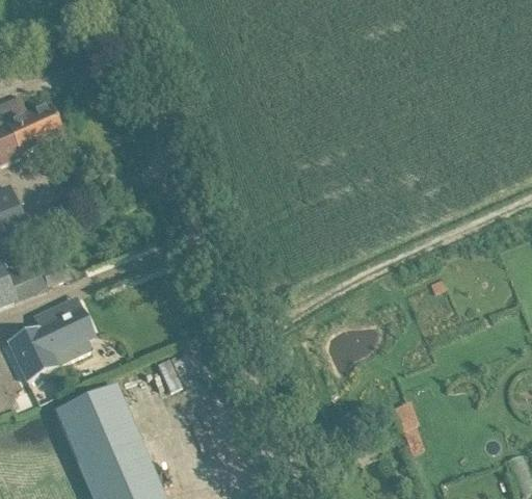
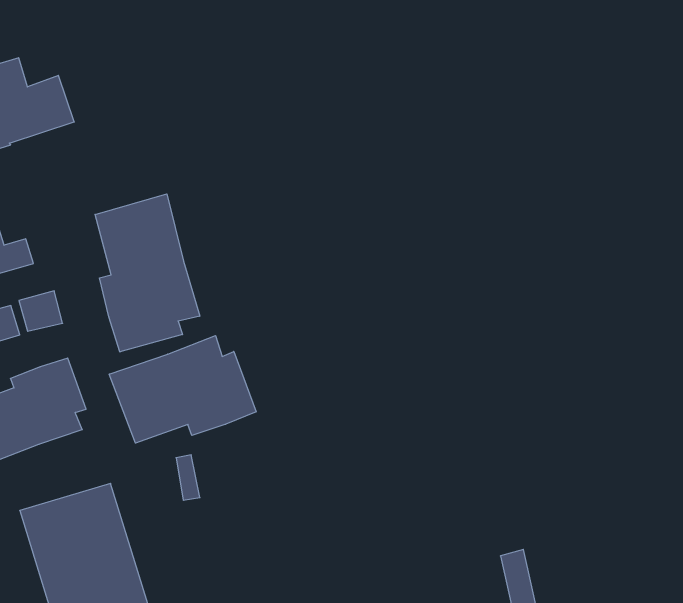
building: none -> [95,194,200,352]
building: none -> [109,336,256,443]

